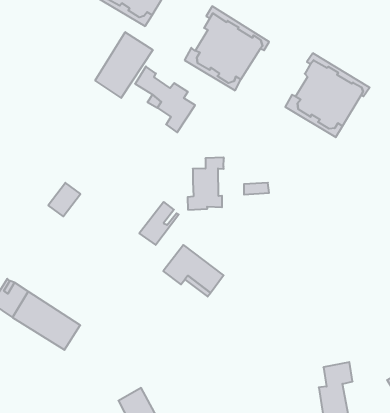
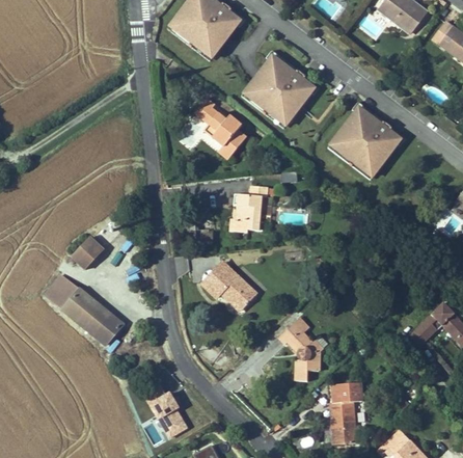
building: [95,32,153,98] -> none
building: [48,183,80,216] -> [72,237,102,267]
building: [139,202,179,245] -> none
building: none -> [279,318,328,381]

